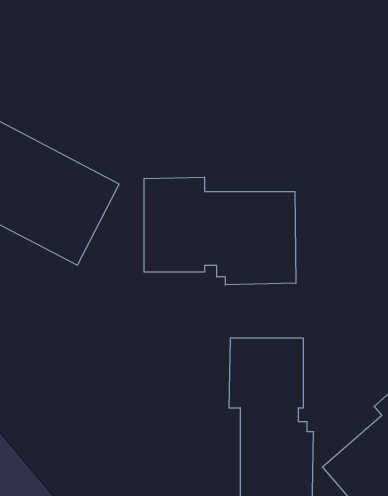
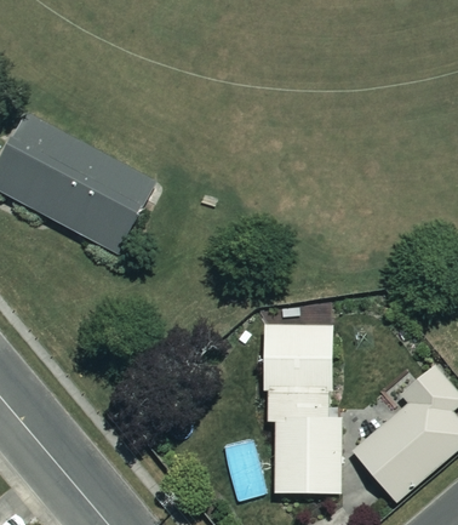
building: [144,177,296,285] -> none

